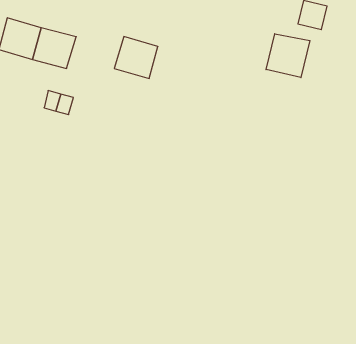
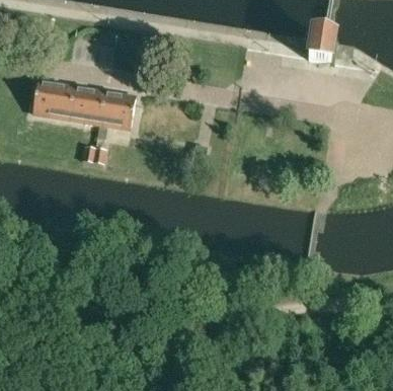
building: [266,34,310,78] -> none
building: [114,37,158,78] -> [97,89,136,126]

